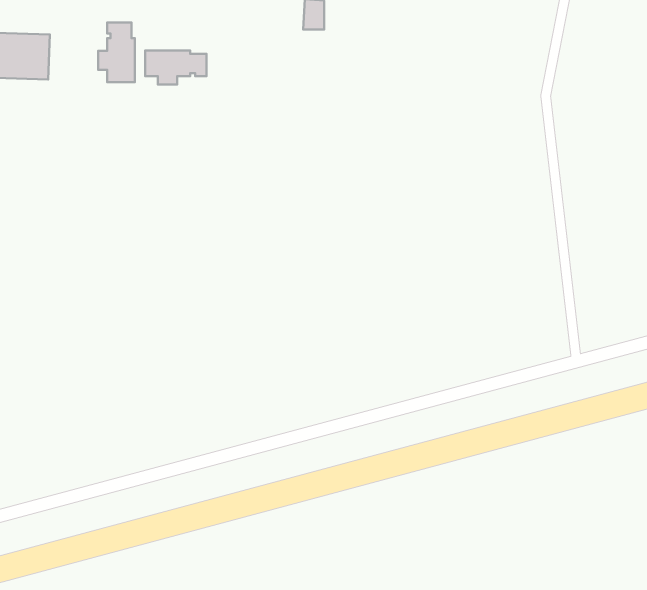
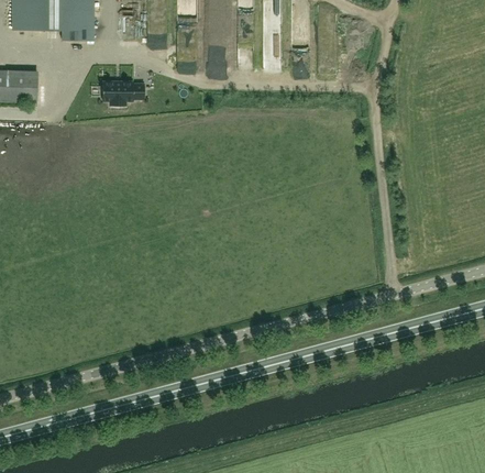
building: [98,23,135,82] -> none

